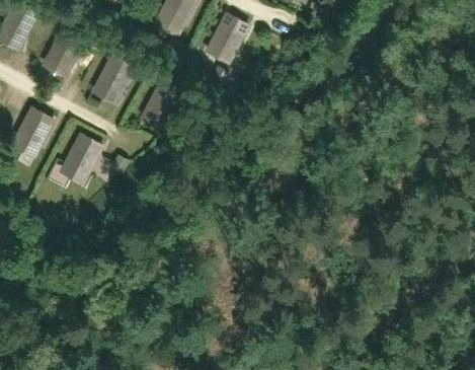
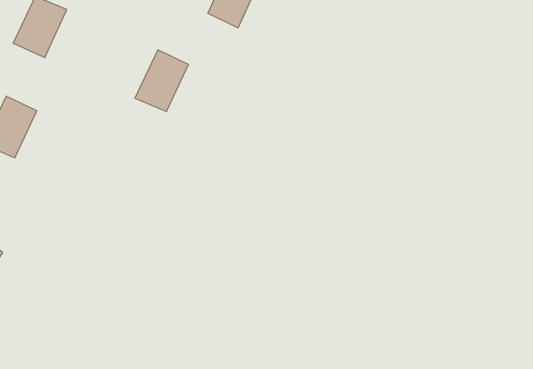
building: [89,53,136,104] -> none
building: [57,134,103,187] -> none

